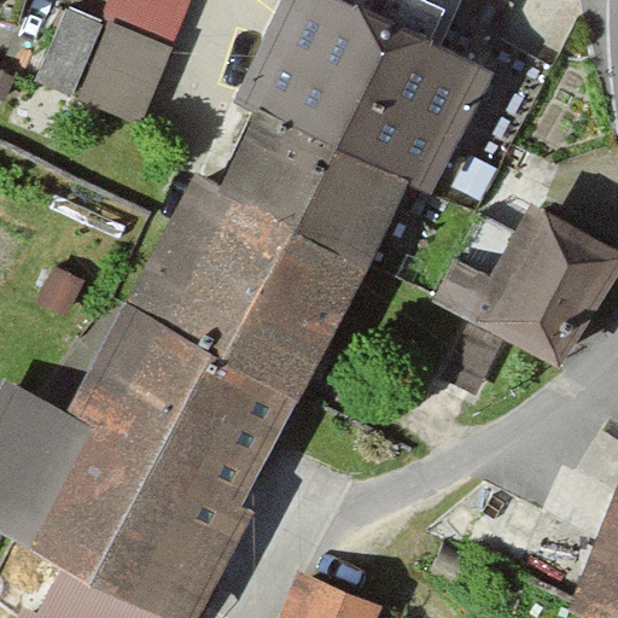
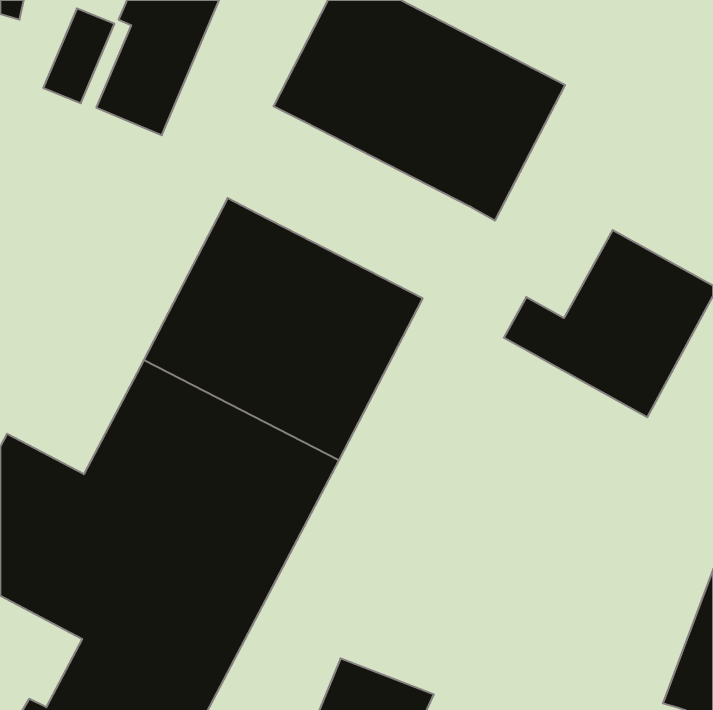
building: [222,107,407,261] -> none

